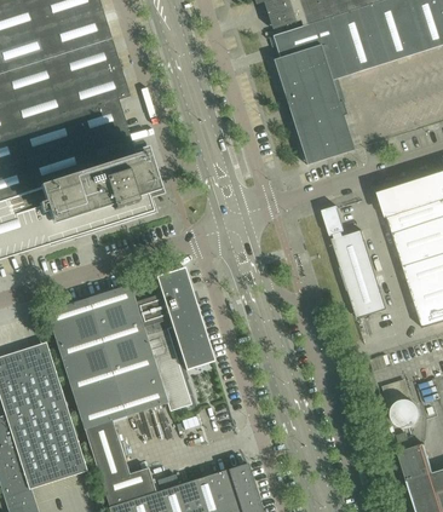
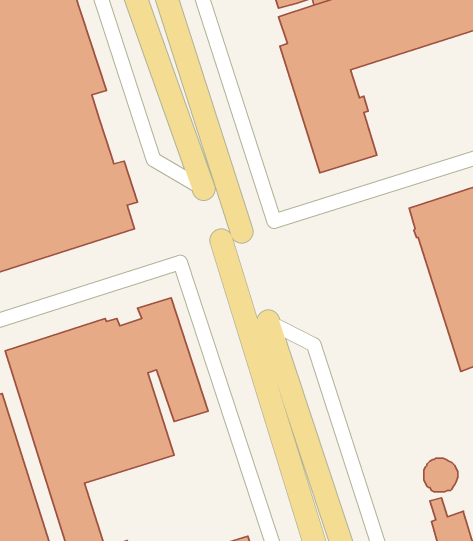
building: [323,206,387,317] -> none

